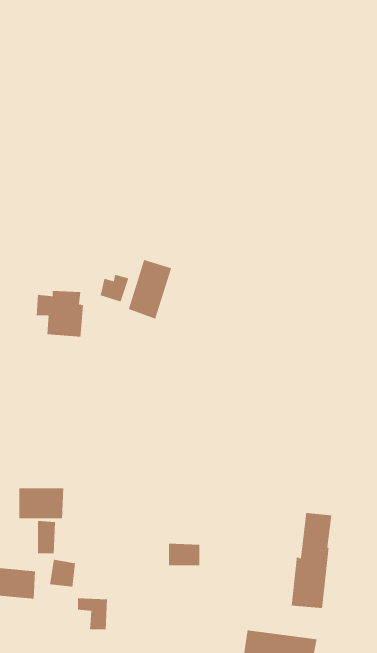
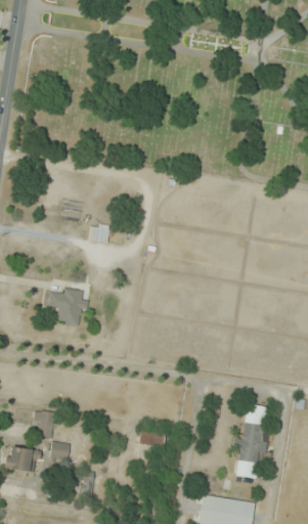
building: [128,259,172,319] -> none
building: [36,291,84,337] -> [49,290,86,325]
building: [19,487,64,519] -> none

